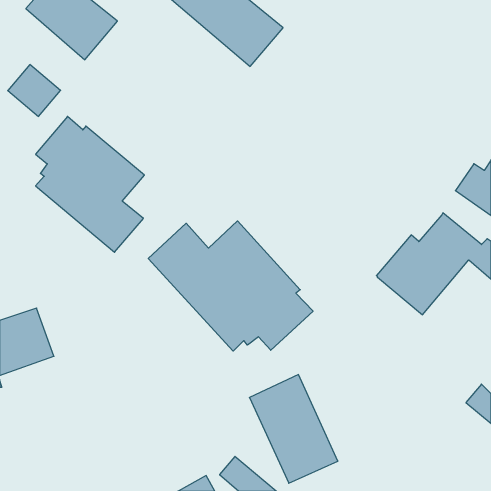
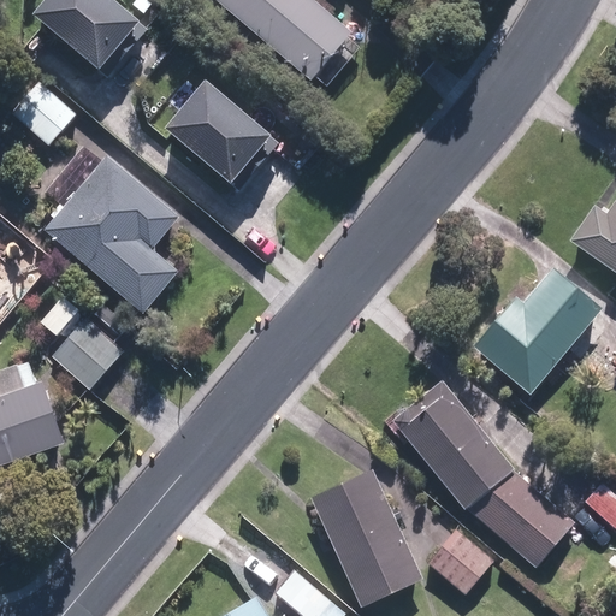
building: none -> [162,78,278,189]
building: [148,221,313,351] -> none
building: none -> [51,319,123,391]
building: none -> [392,379,573,567]
building: none -> [428,529,493,594]

